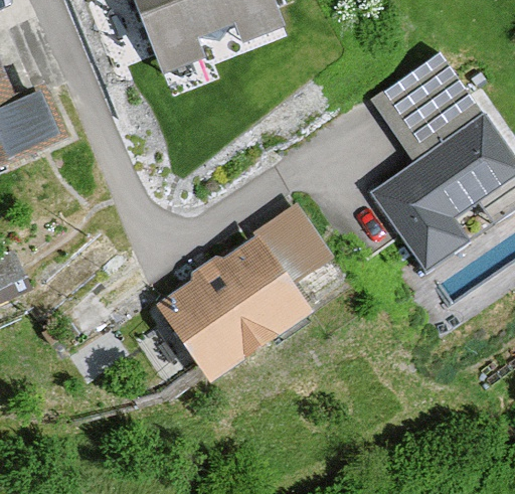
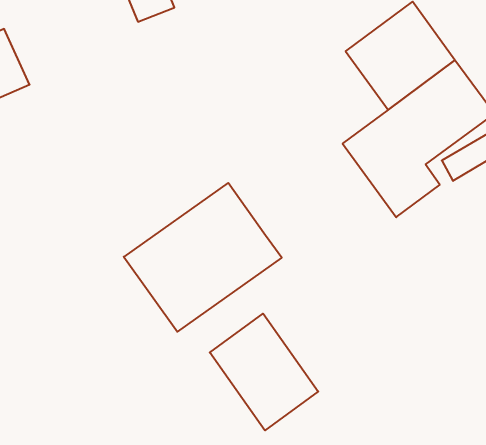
building: [256,204,334,286] -> none
building: none -> [210,314,318,430]

